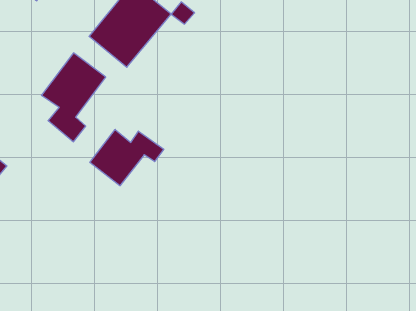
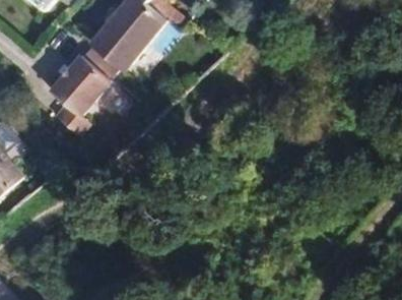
building: [90,129,164,186] -> none

